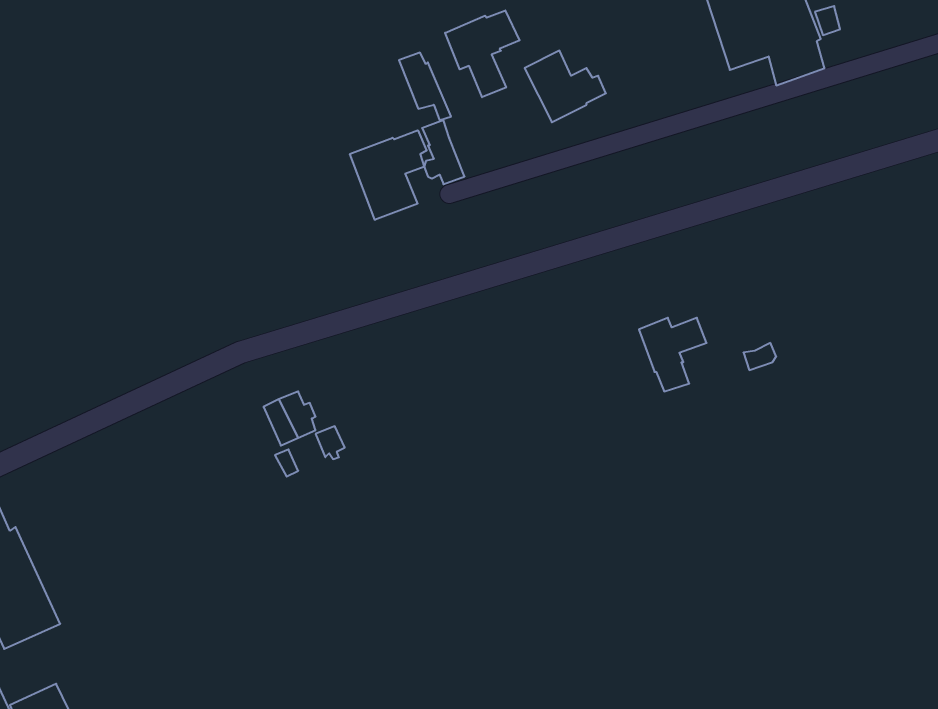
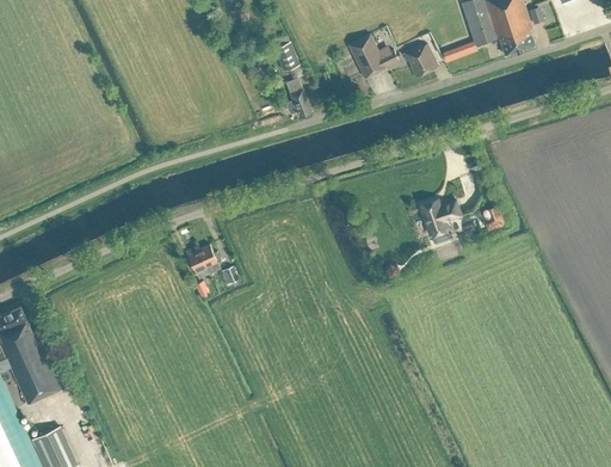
building: [445,10,520,97] -> none
building: none -> [402,43,437,76]
building: [350,130,427,220] -> none

